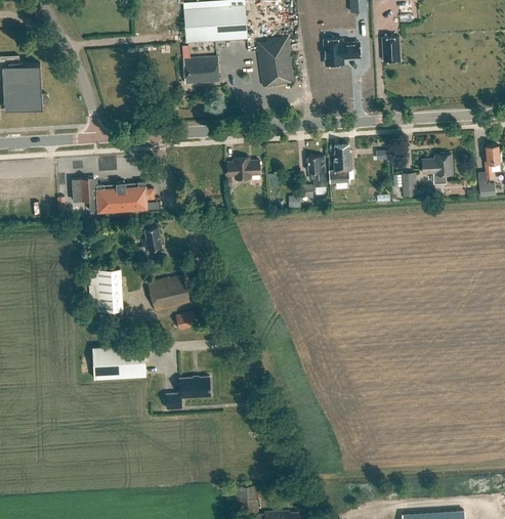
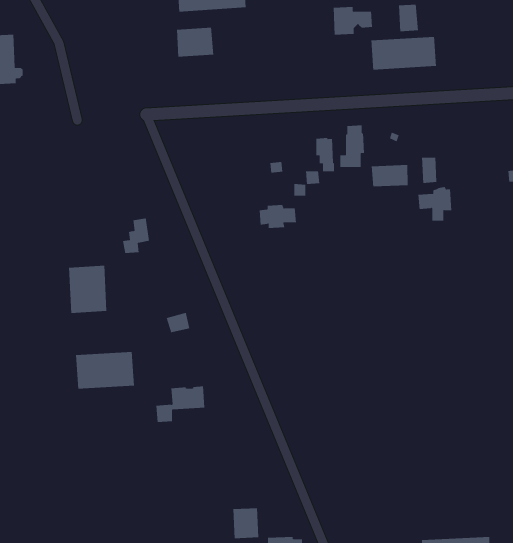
building: [256,38,294,87] -> none
building: none -> [371,36,436,70]
building: [422,153,453,183] -> [418,187,452,221]
building: [227,158,261,179] -> [259,205,297,229]
building: [71,177,154,210] -> none
building: none -> [371,164,408,187]
building: [148,274,191,311] -> none

